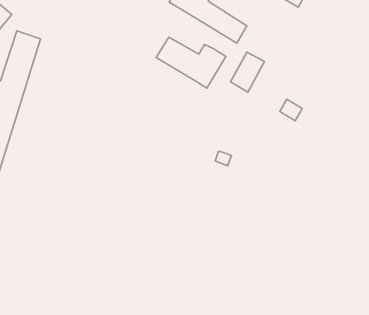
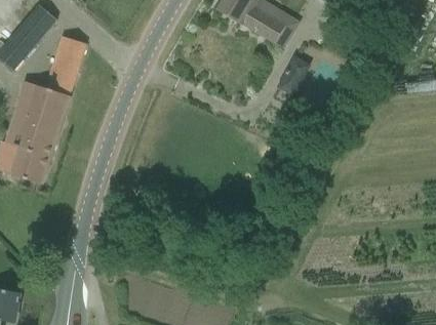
building: [156,37,226,88] -> none

